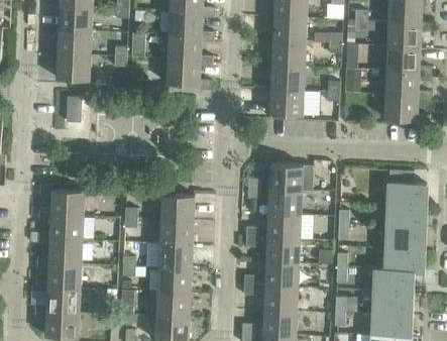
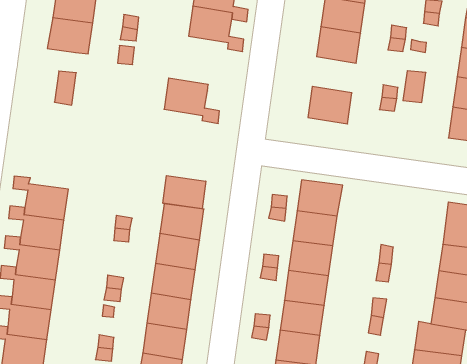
building: [166,58,211,90] -> [164,78,219,123]
building: [270,64,304,90] -> none
building: none -> [163,176,206,209]

